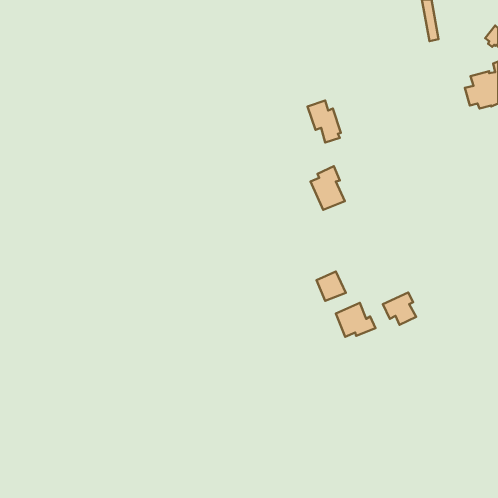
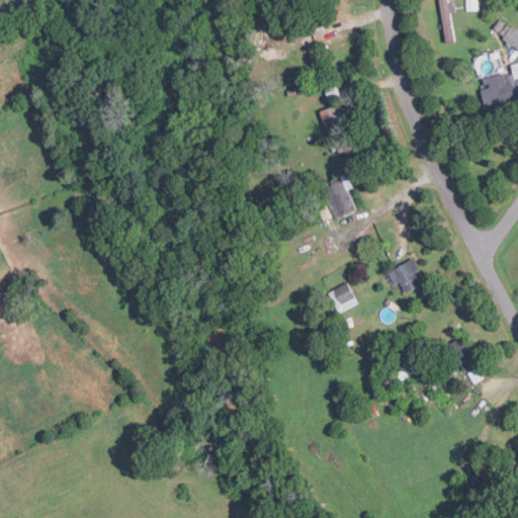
building: [383,292,416,325] -> [386,258,421,291]
building: [336,303,376,337] -> none

